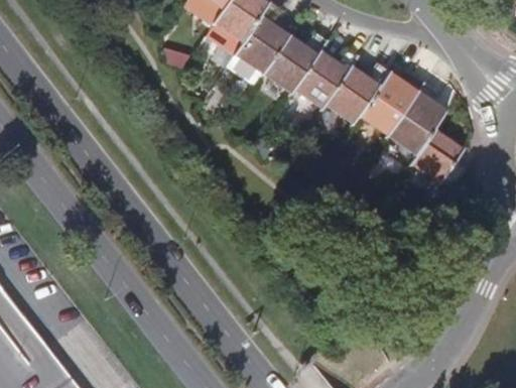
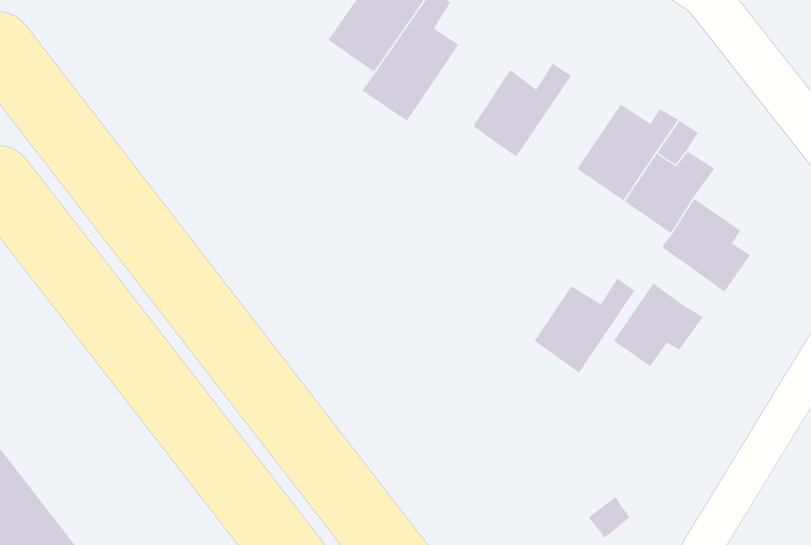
building: [262,32,325,93] -> none
building: [324,64,386,124] -> [534,277,635,374]
building: none -> [613,282,703,367]

